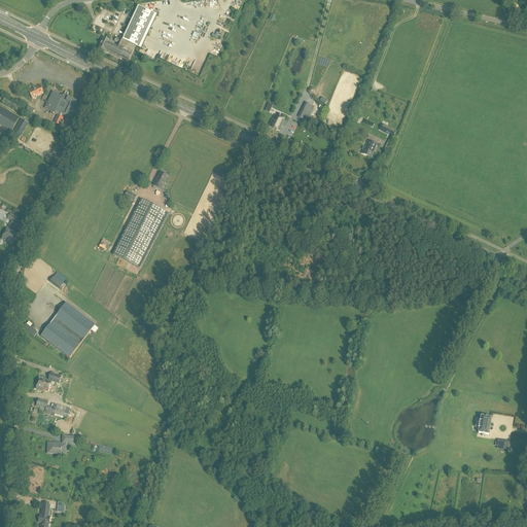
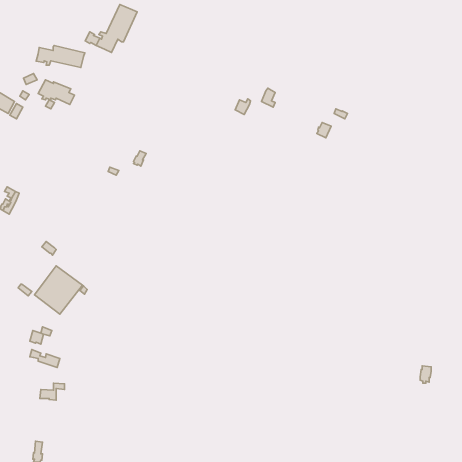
building: none -> [36,46,85,68]
building: [111,197,167,267] -> none

